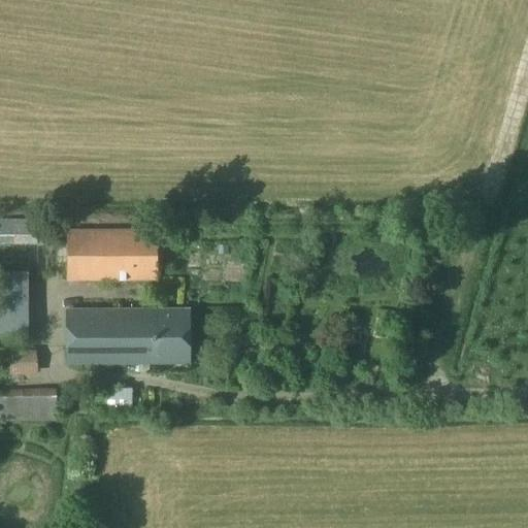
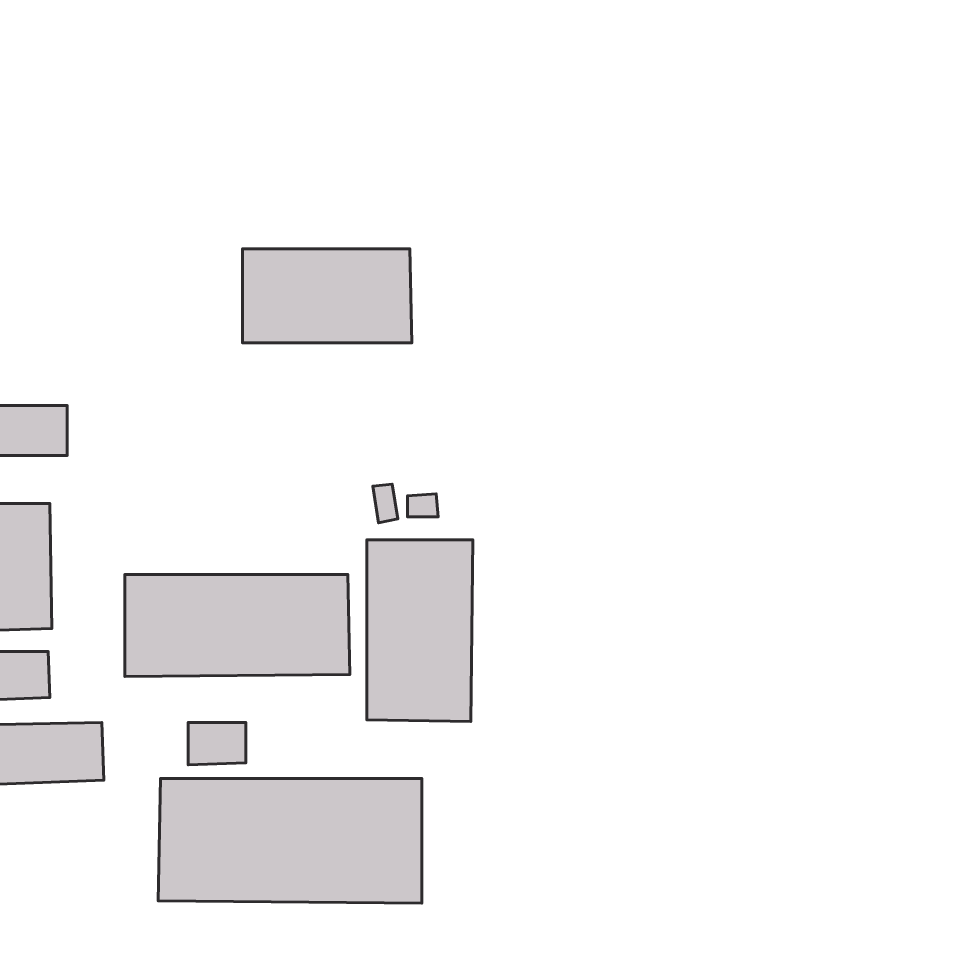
building: [66,229,157,279] -> [243,249,412,343]
building: none -> [367,540,473,721]
building: none -> [158,779,422,903]

